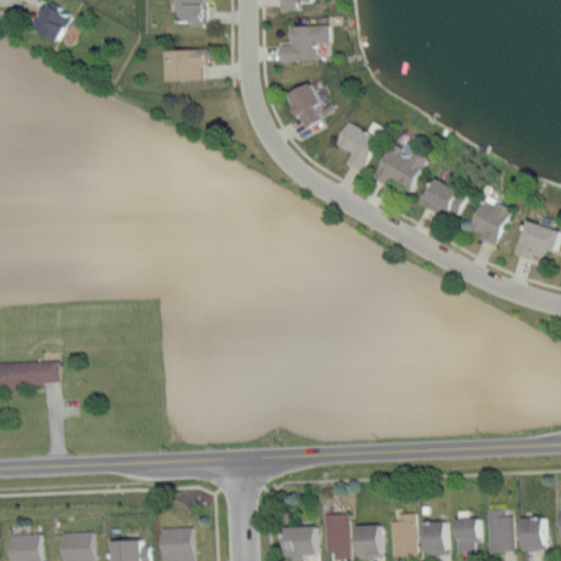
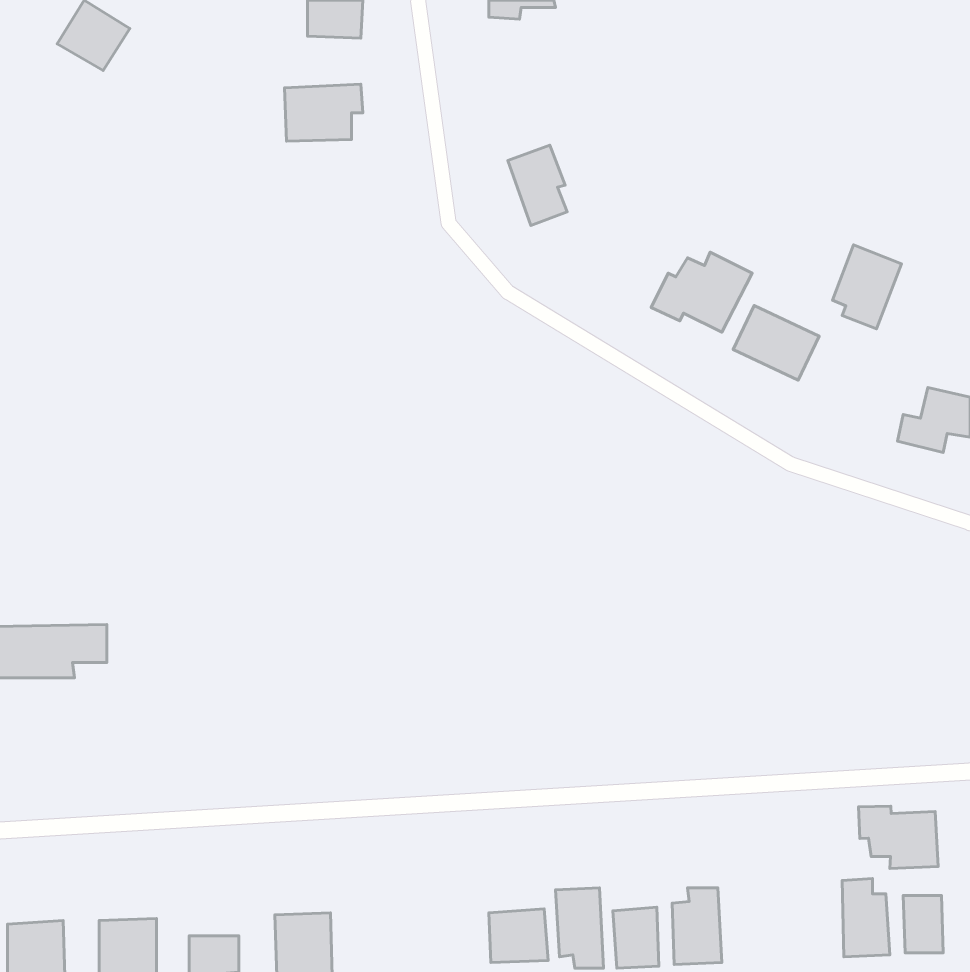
building: [280,27,329,64] -> none
building: [336,124,380,172] -> none
building: [473,198,513,247] -> [833,245,901,329]
building: none -> [858,806,938,868]
building: [453,516,477,551] -> none
building: [419,519,445,553] -> none

